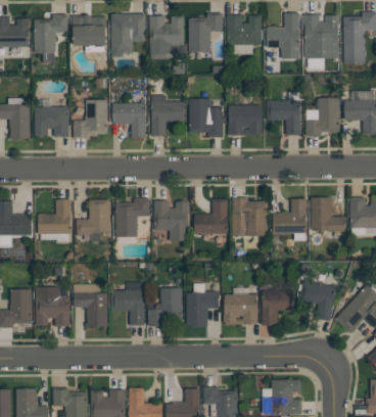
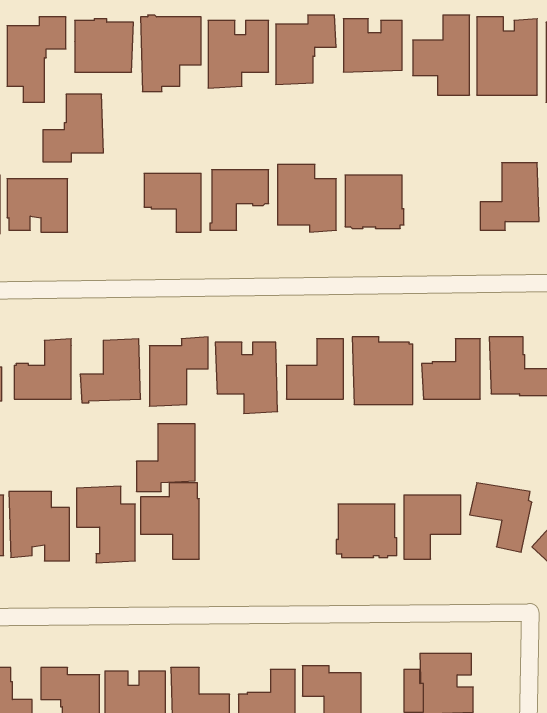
building: [73,100,107,139] -> [43,94,103,162]
building: [267,101,300,136] -> none
building: [148,288,182,327] -> [136,424,195,491]
building: [186,291,219,326] -> none

